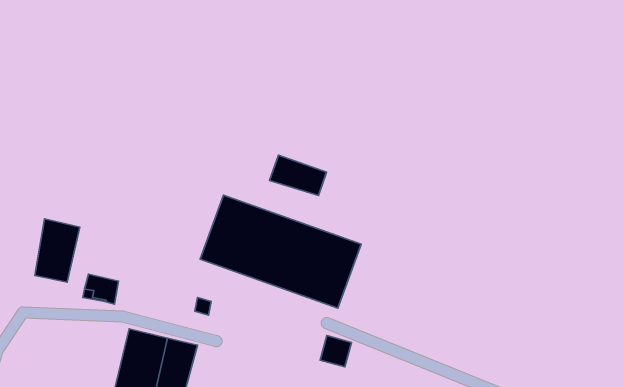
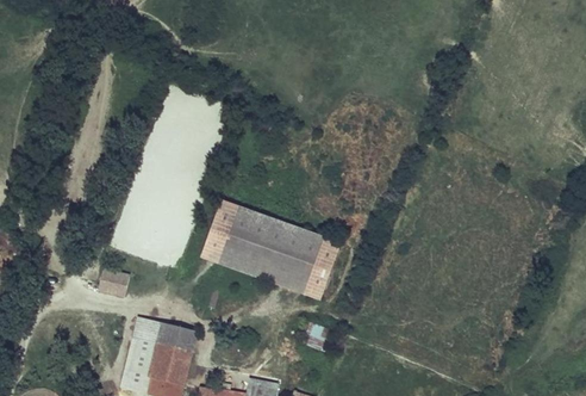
building: [270,155,326,196] -> none
building: [35,219,80,282] -> none

